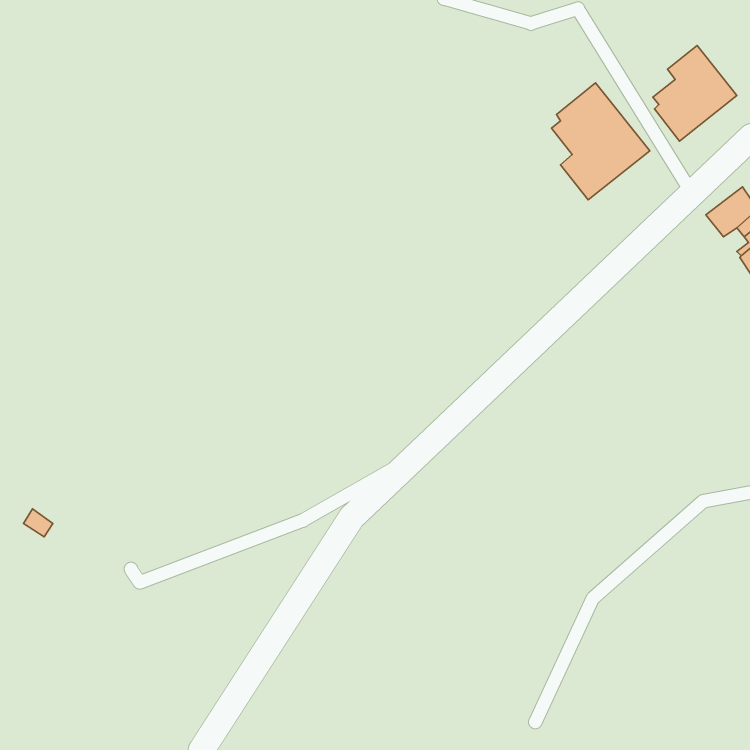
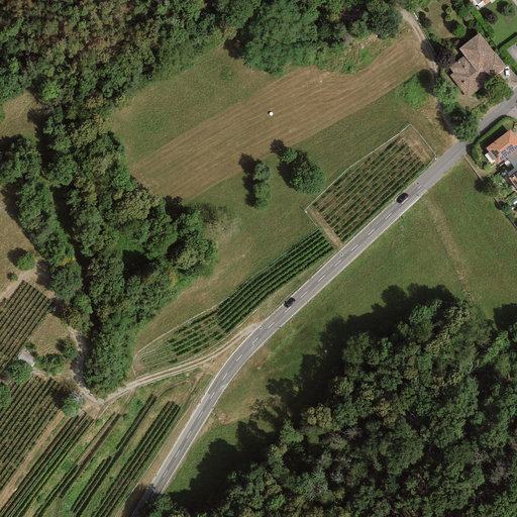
building: [551,83,650,200] -> none

